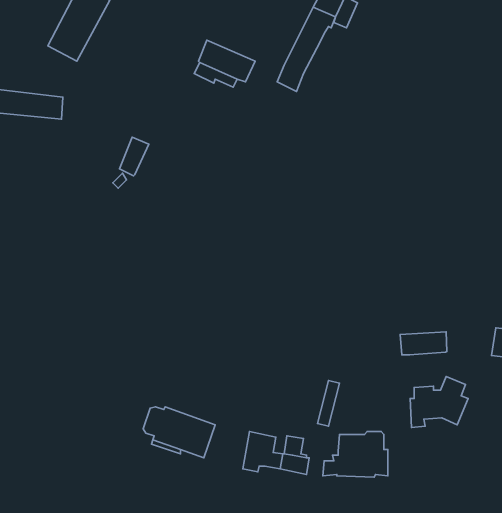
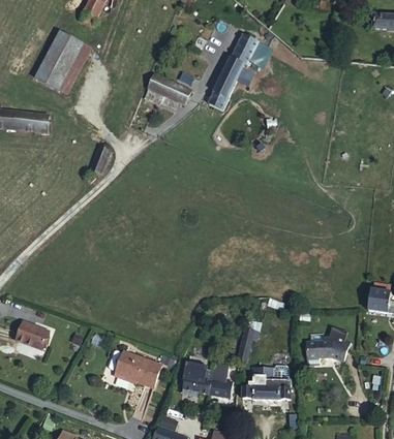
building: [400,332,447,355] -> none
building: none -> [17,320,51,349]

